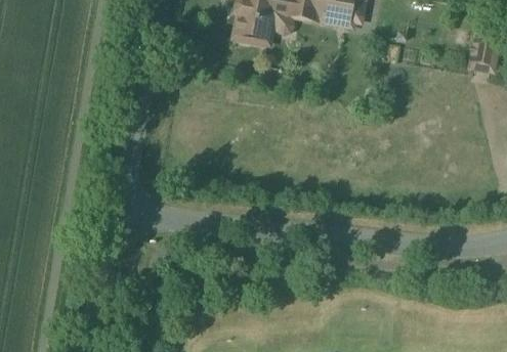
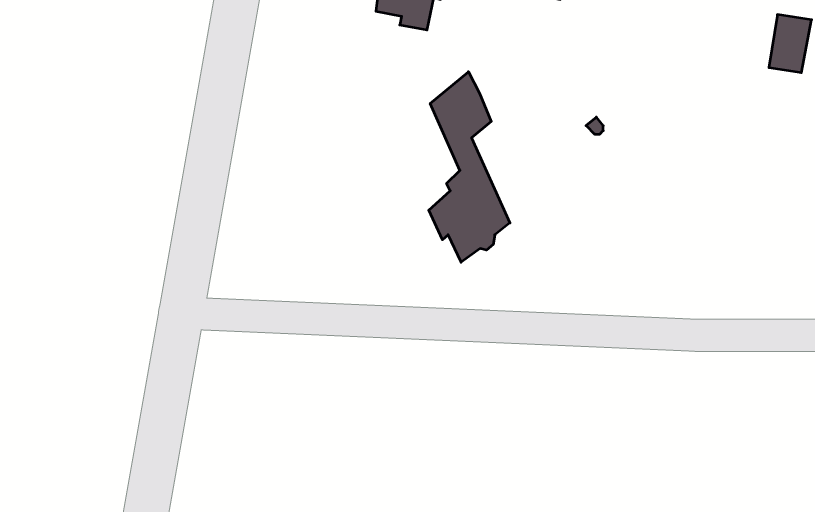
building: none -> [429,72,510,262]

